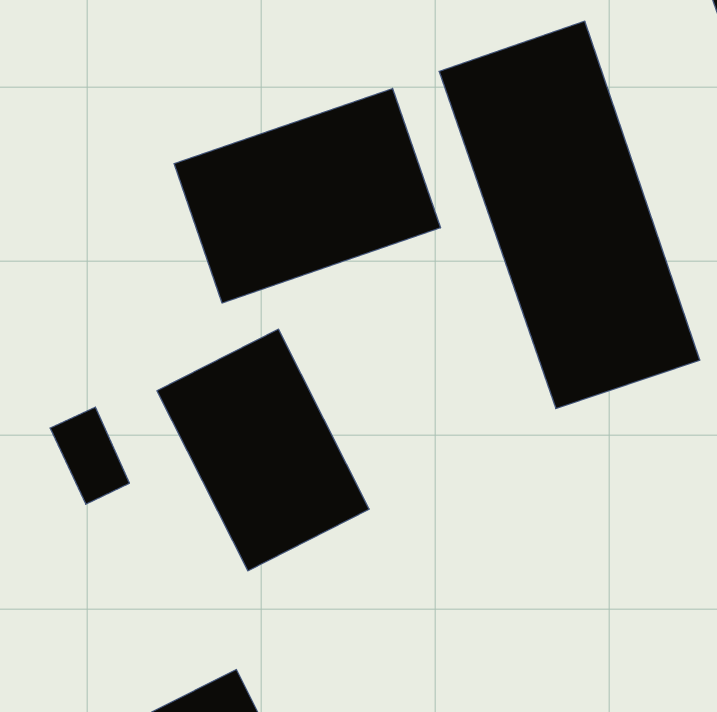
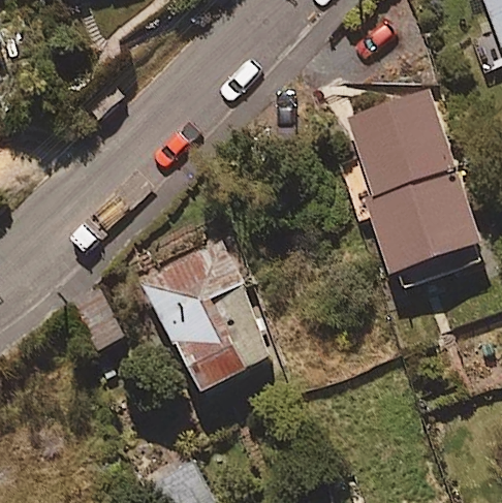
building: [174,88,440,303] -> none

